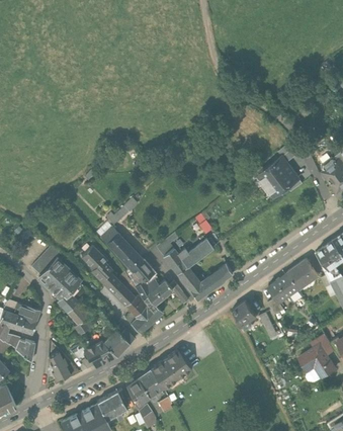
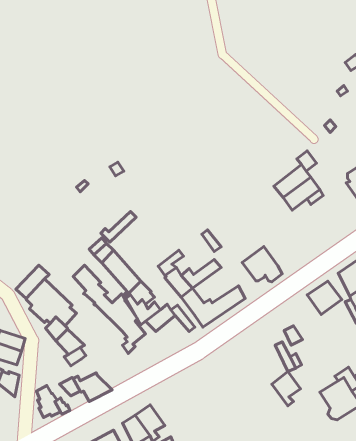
building: [268,271,304,303] -> [242,246,282,282]
building: [130,294,162,333] -> none
building: [231,300,256,331] -> [272,372,300,406]
building: [102,328,128,355] -> none
building: [149,349,190,387] -> none

